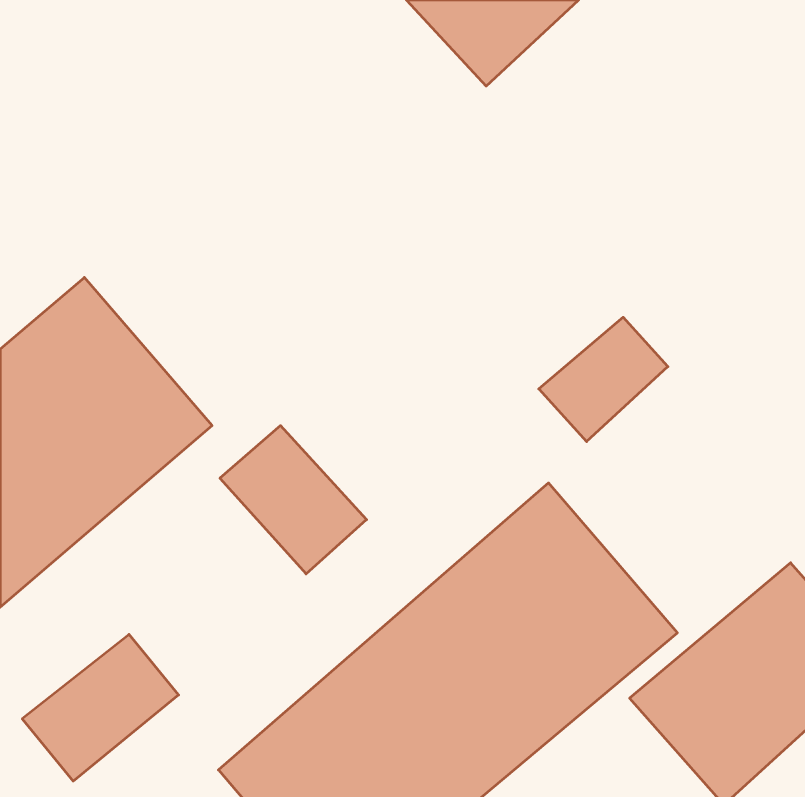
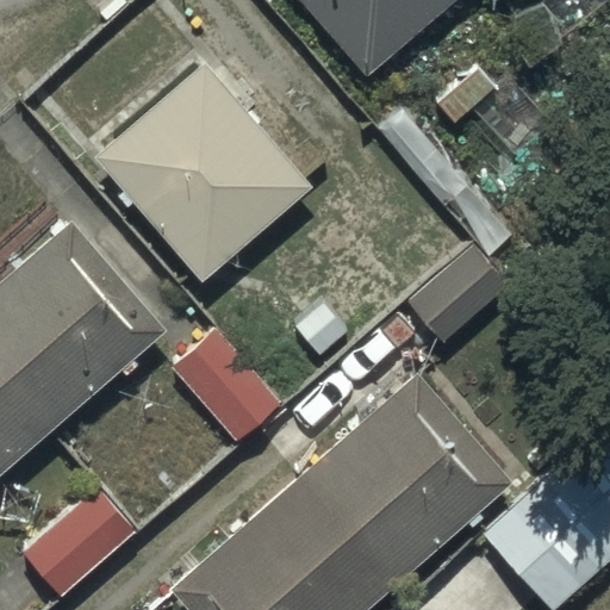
building: none -> [93,61,311,281]

